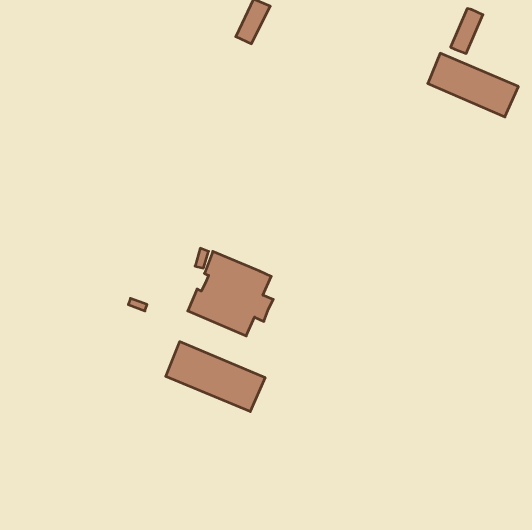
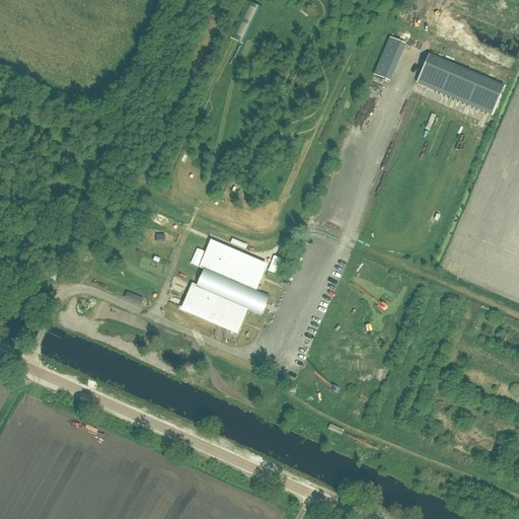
building: [451,9,483,53] -> [374,35,405,79]
building: [166,342,265,412] -> none

